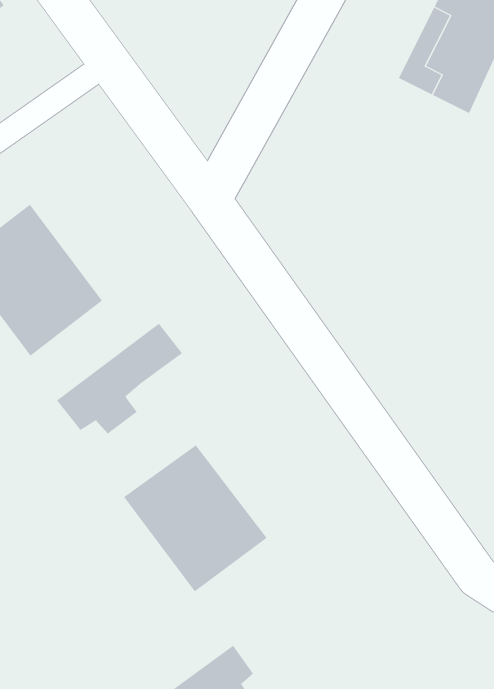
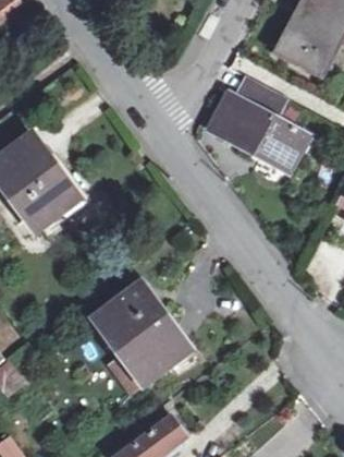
building: none -> [212,75,306,167]
building: [56,323,183,434] -> none

